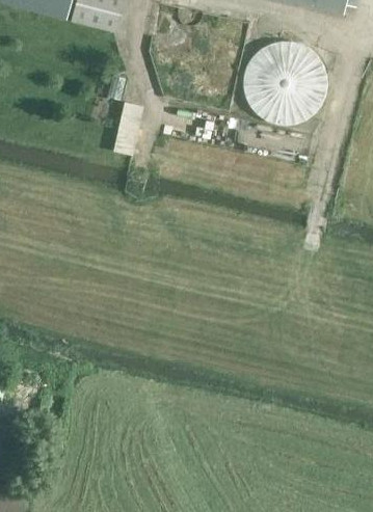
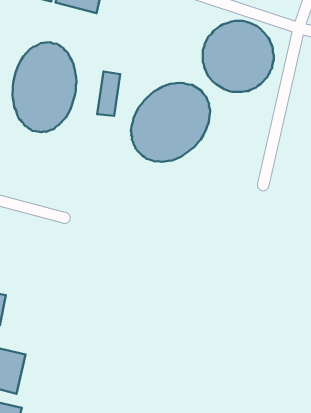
building: none -> [12,42,76,132]
building: none -> [131,83,210,162]

